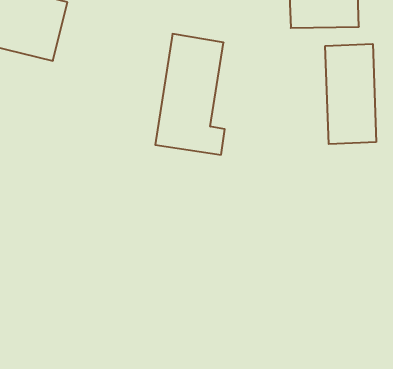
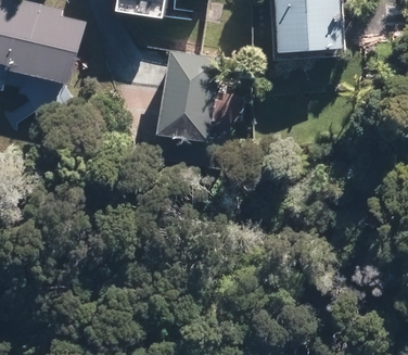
building: [325,44,376,144] -> none

